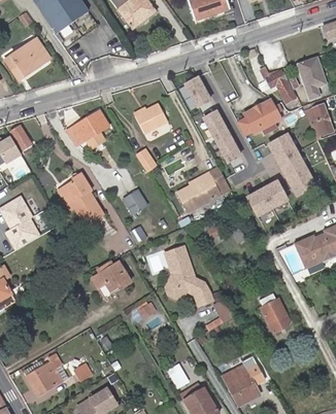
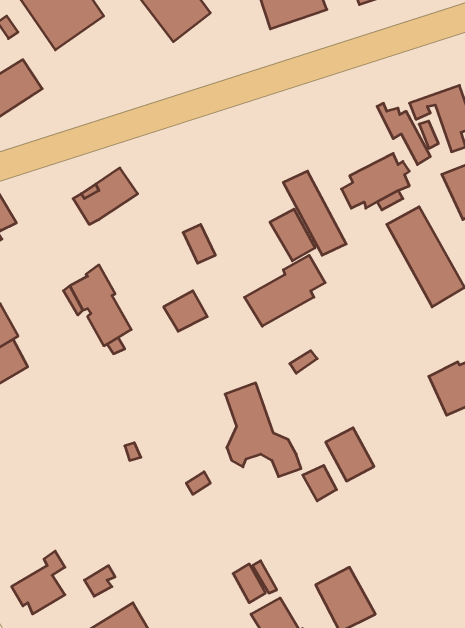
building: [182,76,211,109] -> [270,209,315,261]
building: [138,106,170,136] -> none
building: [246,180,290,218] -> none
building: [102,261,131,289] -> none
building: [261,298,292,332] -> [326,428,374,481]

